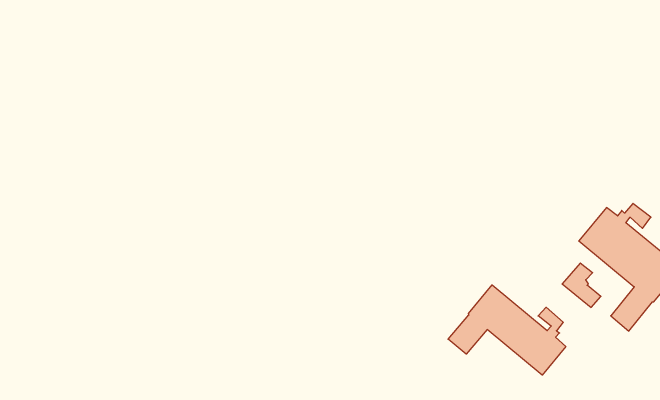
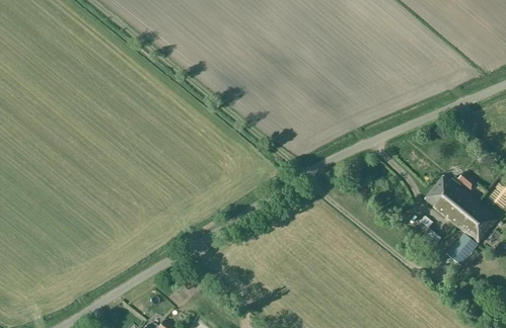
building: [448,285,566,375] -> none

